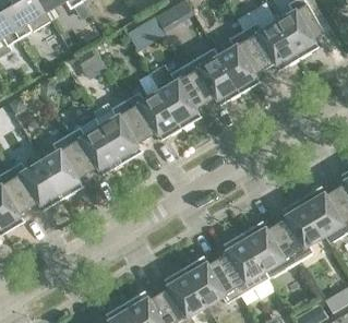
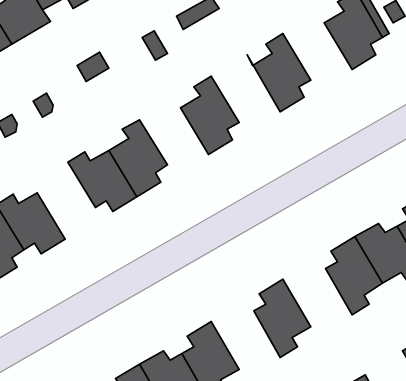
building: [242,22,299,72] -> none
building: [183,48,240,107] -> none
building: [124,92,181,142] -> none
building: [40,136,88,200] -> none
building: [242,222,299,272] -> none
building: [183,256,240,307] -> none

